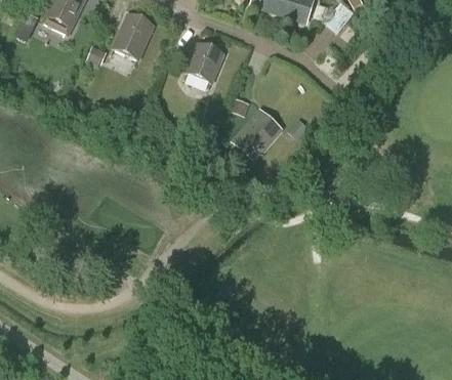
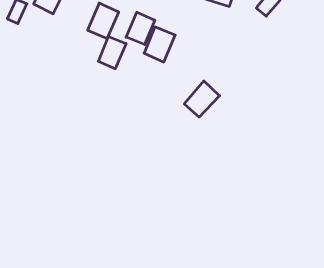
building: none -> [126,12,155,45]
building: none -> [98,37,126,69]

